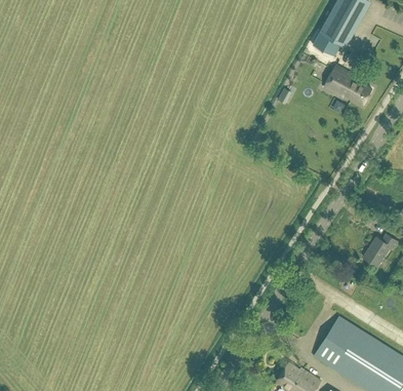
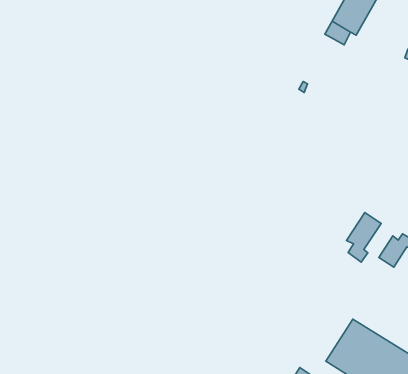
building: [323,66,371,105] -> none
building: none -> [347,213,381,262]

